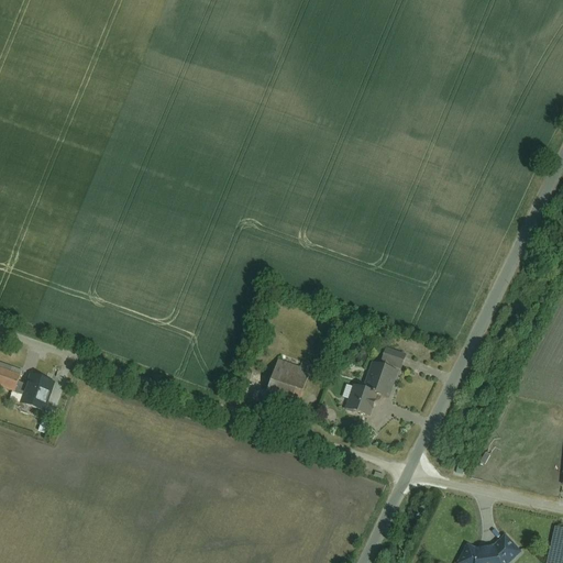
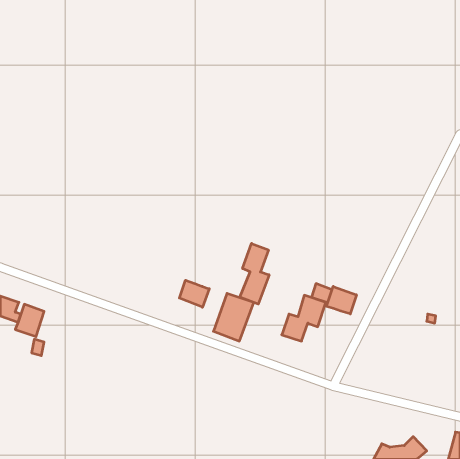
building: none -> [240,243,269,304]
building: none -> [179,280,209,307]
building: none -> [327,286,356,314]

